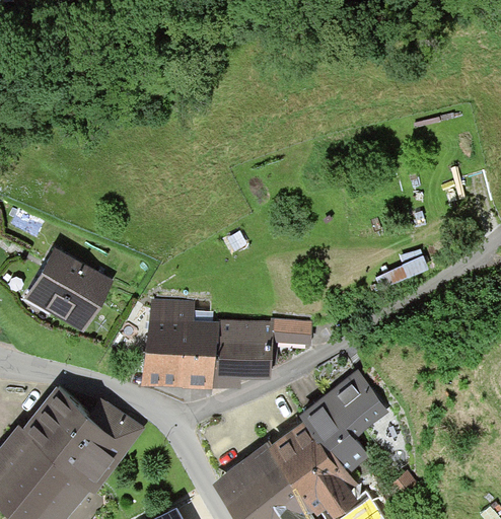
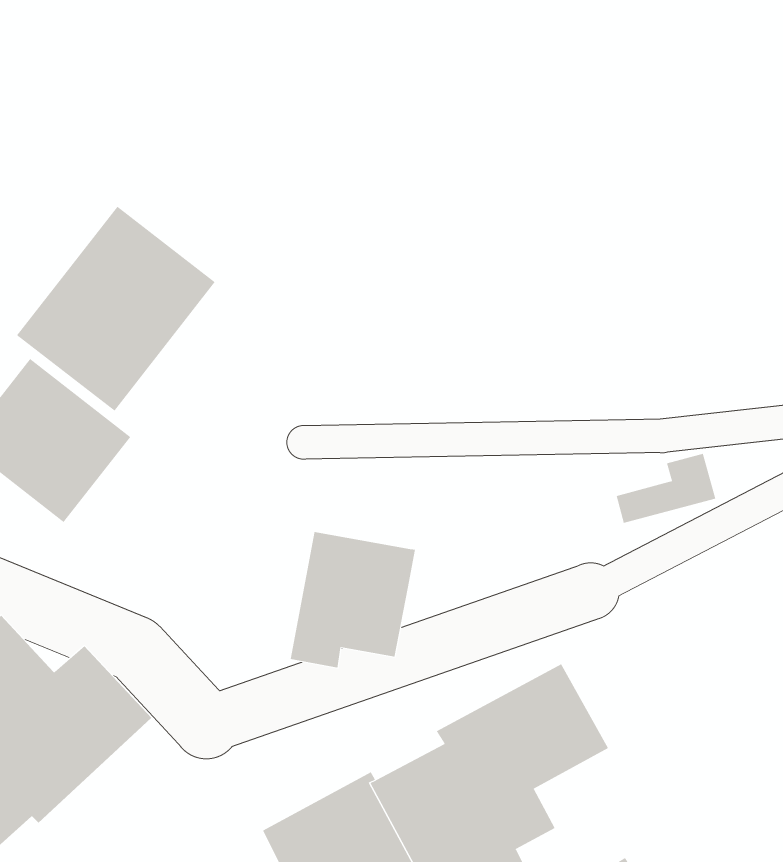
building: none -> [16,206,216,411]
building: [143,298,217,390] -> none
building: [270,317,311,344] -> none

